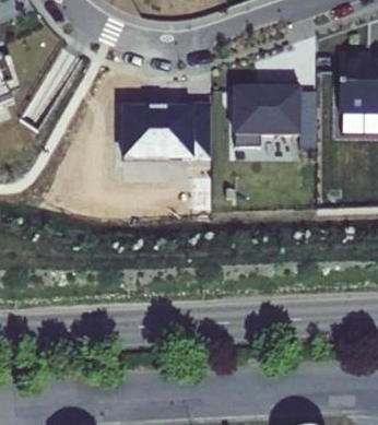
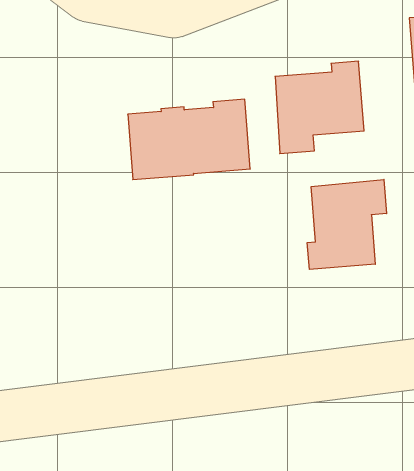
building: none -> [307,179,387,269]

